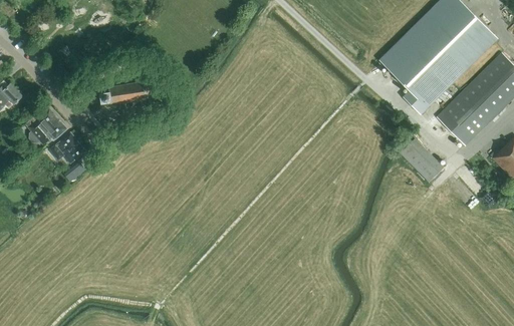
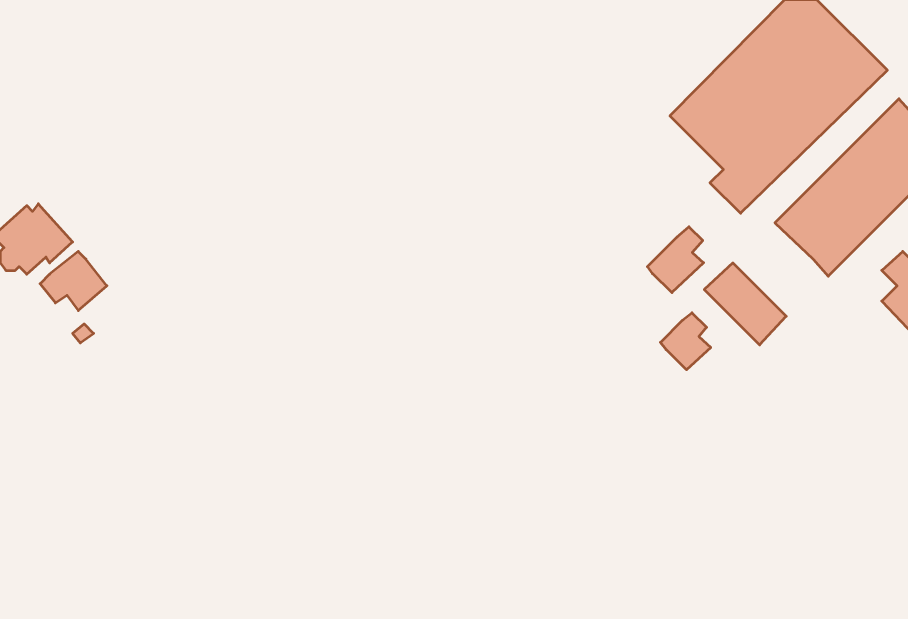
building: [100,81,151,104] -> none
building: none -> [647,227,704,293]
building: none -> [660,313,711,370]

